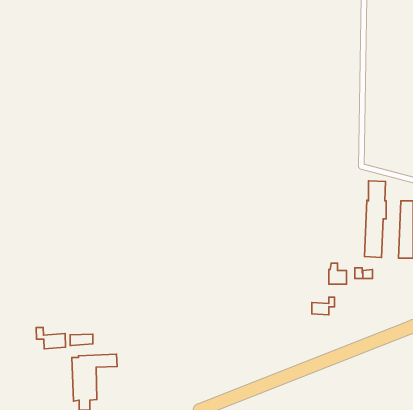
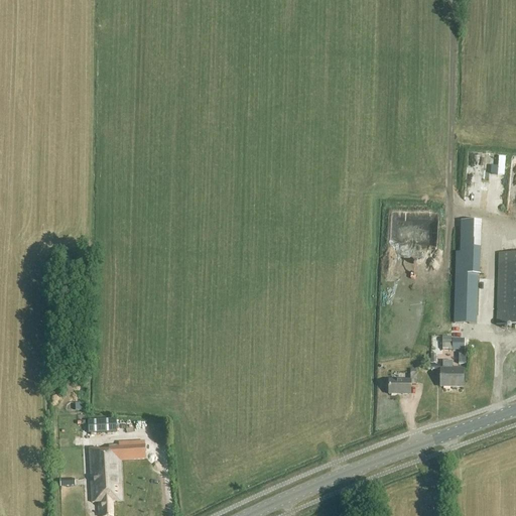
building: [329,263,346,284] -> [440,359,463,385]
building: [36,327,66,349] -> none

